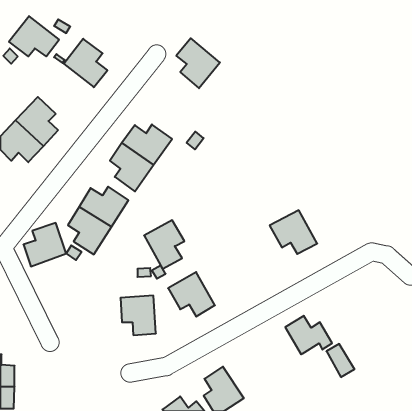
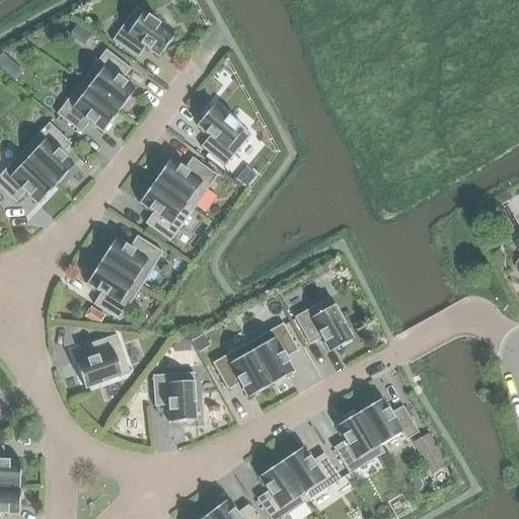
building: none -> [112,5,174,57]
building: [9,16,59,56] -> [56,80,119,131]
building: [176,38,220,88] -> [196,102,250,165]
building: [270,210,317,254] -> [294,296,354,351]
building: [144,220,184,269] -> [247,322,298,383]
building: [23,223,66,266] -> [76,333,130,388]
building: none -> [332,411,384,472]
building: none -> [281,445,341,500]

